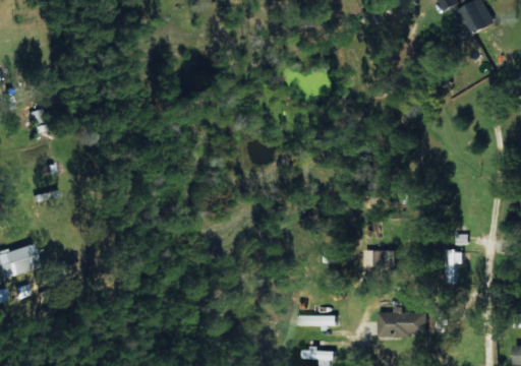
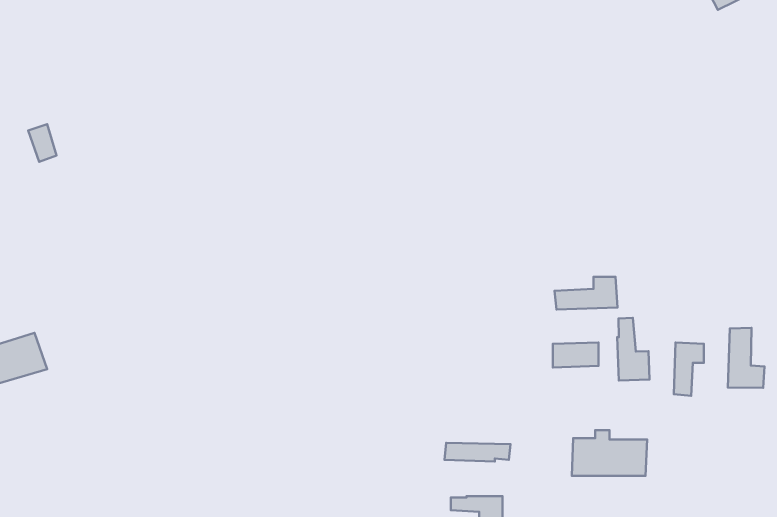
building: none -> [555,277,618,310]
building: none -> [617,318,650,380]
building: none -> [728,328,765,388]

